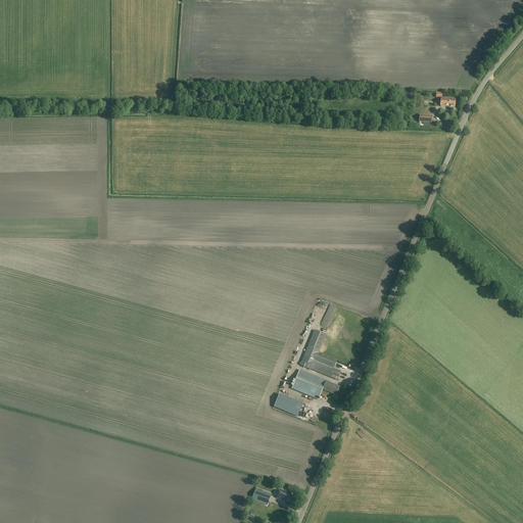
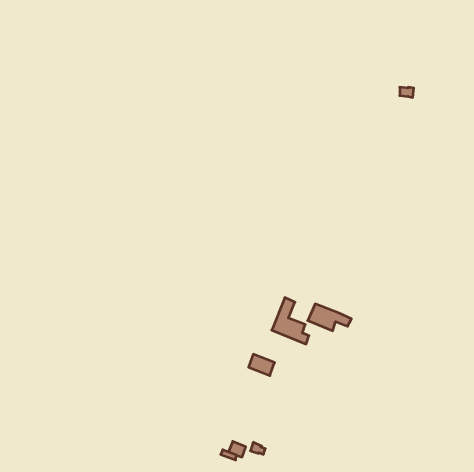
building: [291,369,339,398] -> [308,304,351,331]

